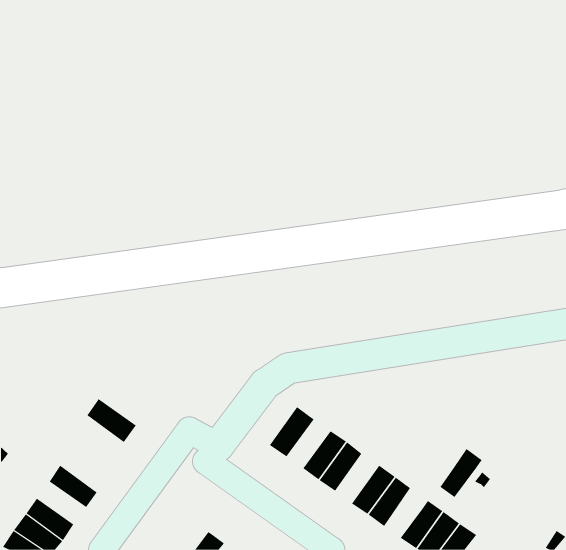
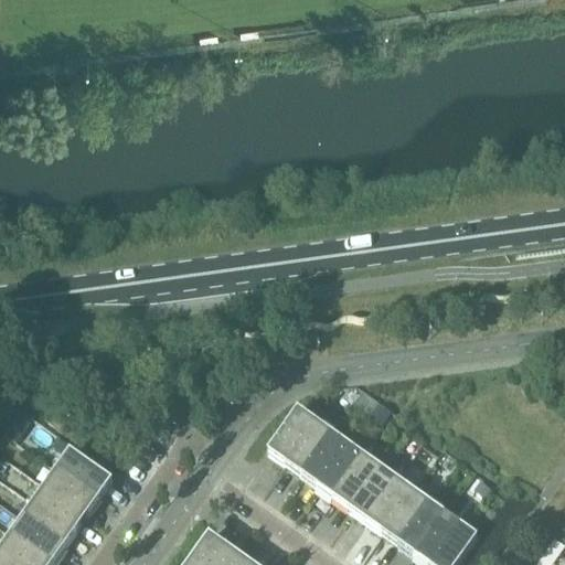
building: [86,398,137,443] -> [60,447,110,491]
building: none -> [286,418,329,467]
building: [439,448,483,498] -> [383,487,426,536]
building: none -> [334,452,377,502]
building: none -> [36,480,86,523]

